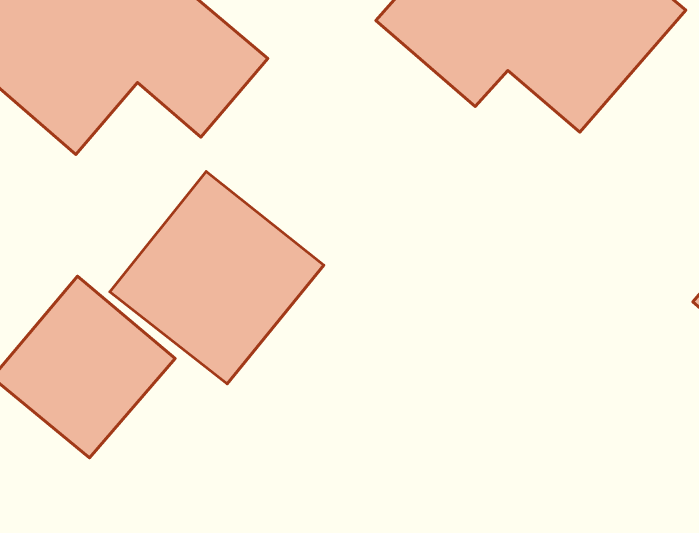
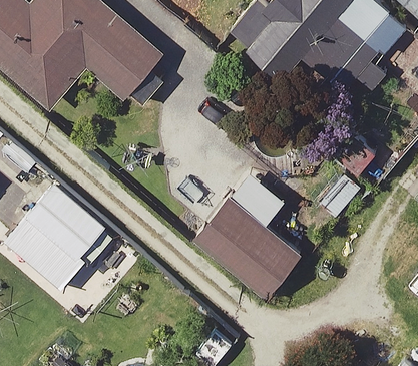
building: [110,171,324,384] -> none
building: none -> [191,198,302,301]

